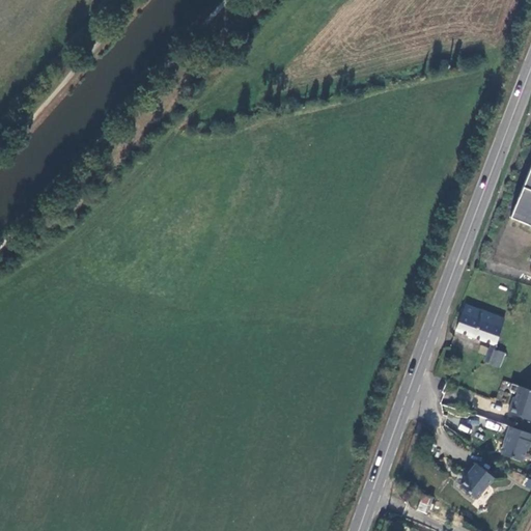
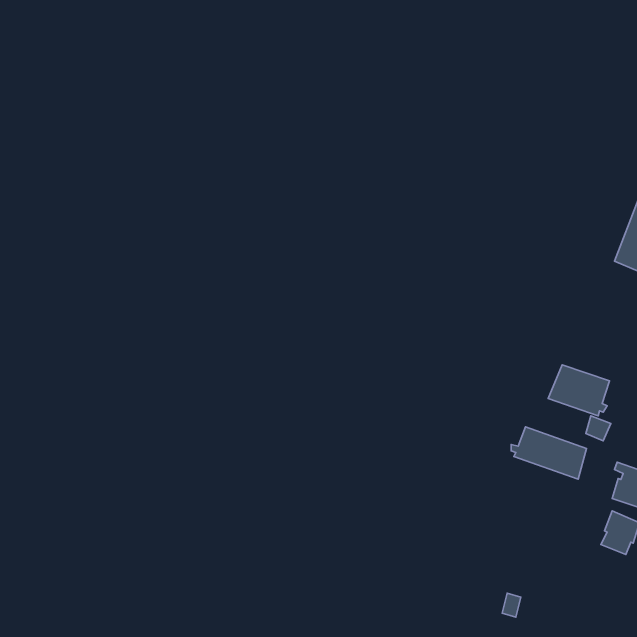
building: none -> [511,427,586,479]
building: [459,462,494,498] -> none

